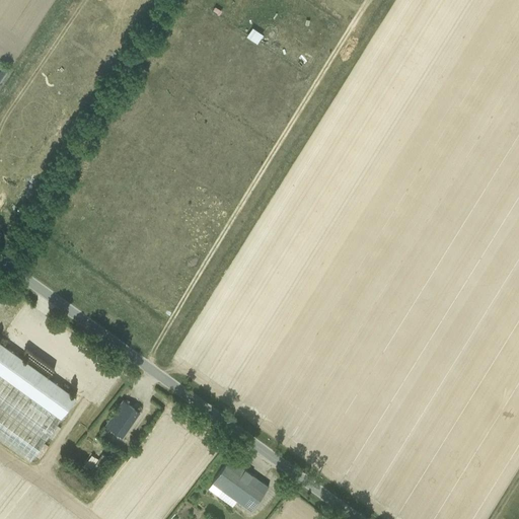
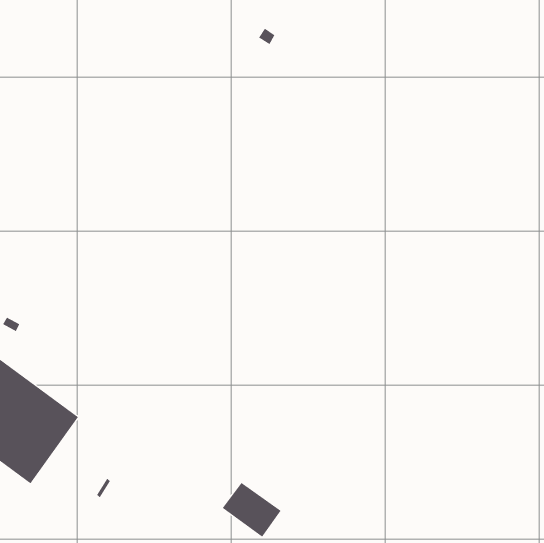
building: [103,401,139,439] -> none

